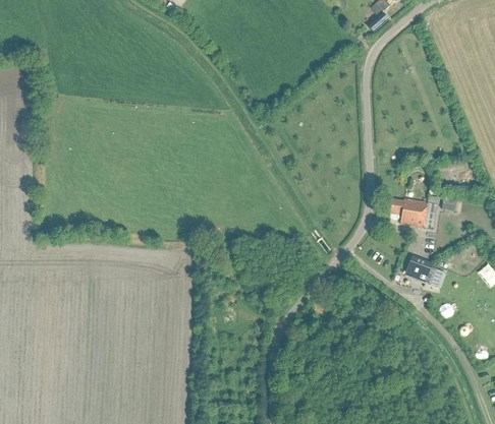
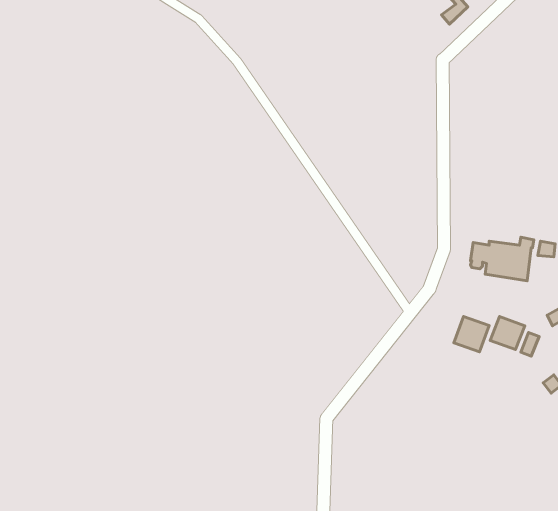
building: none -> [454,316,489,352]

